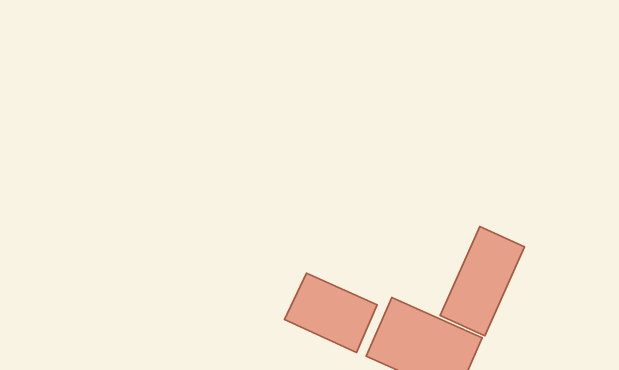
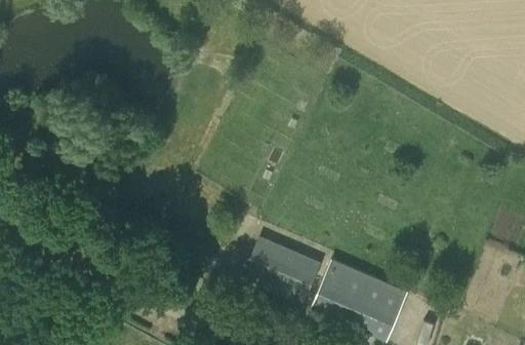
building: [440,226,524,336] -> none

